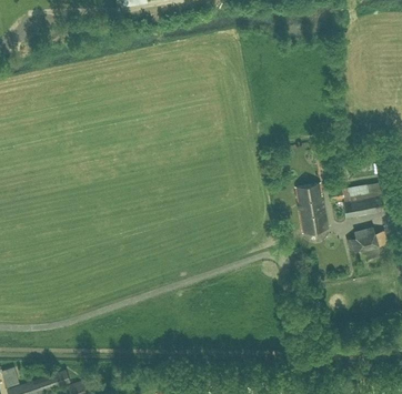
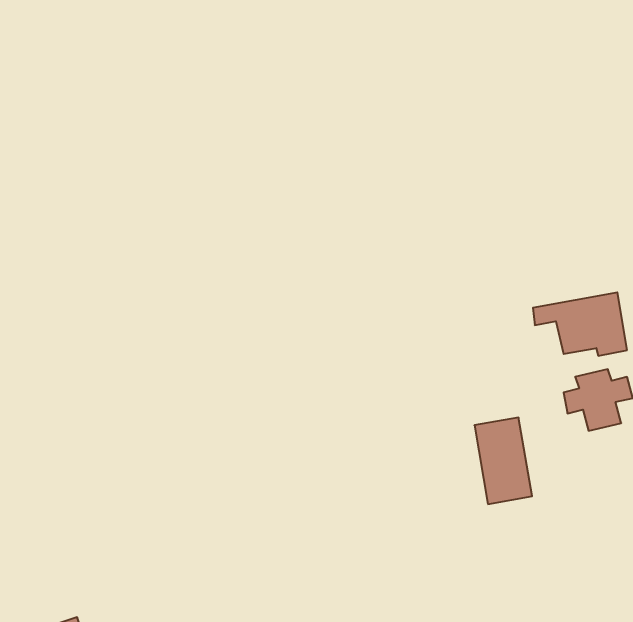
building: [294,182,328,232] -> [474,418,532,504]

